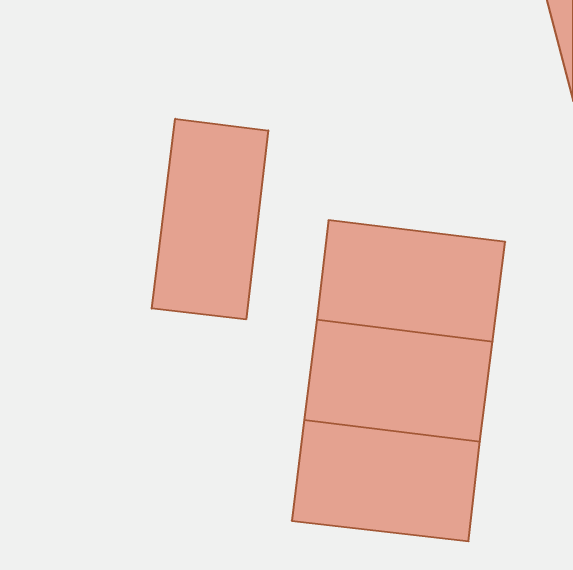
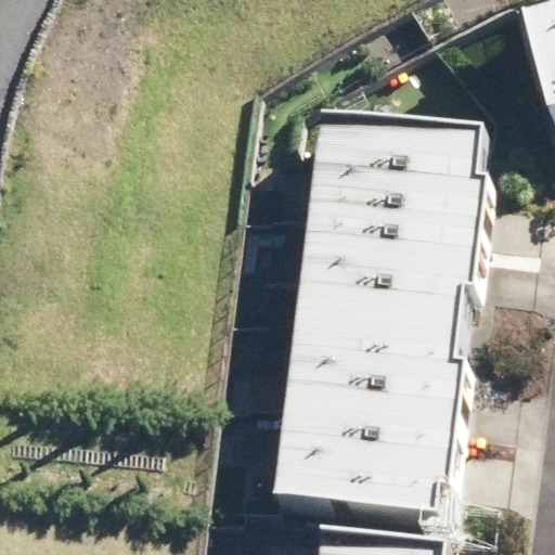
building: [152,119,268,319] -> none
building: none -> [310,114,489,229]

